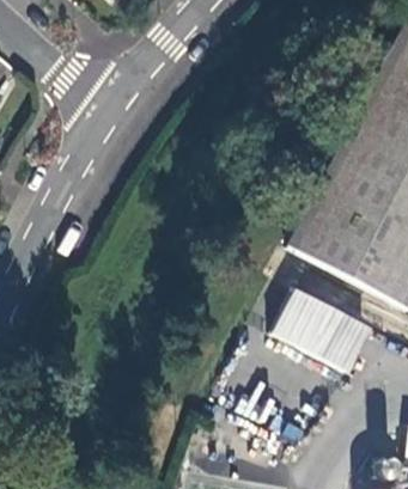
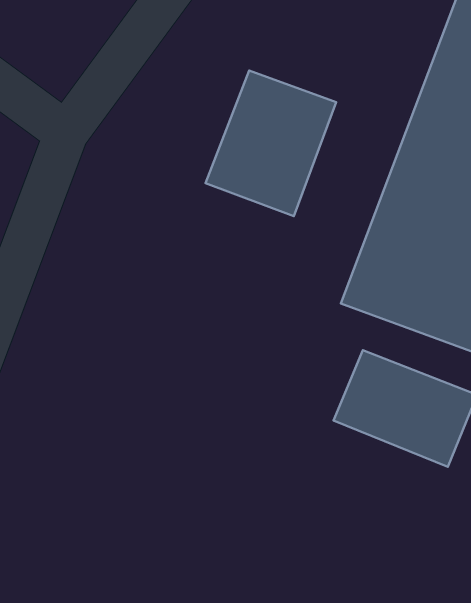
building: none -> [206,71,336,216]

